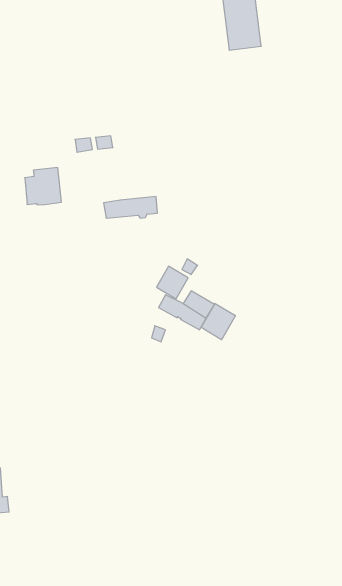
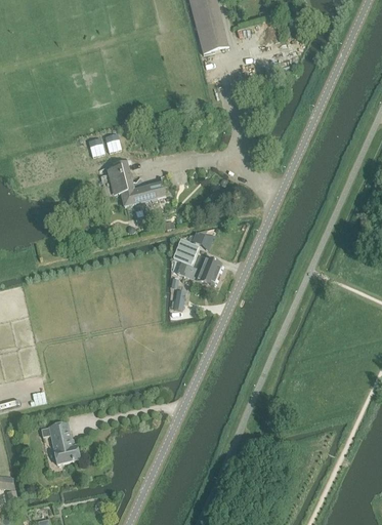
building: [25,168,61,205] -> [100,162,133,196]
building: [201,303,235,340] -> none

